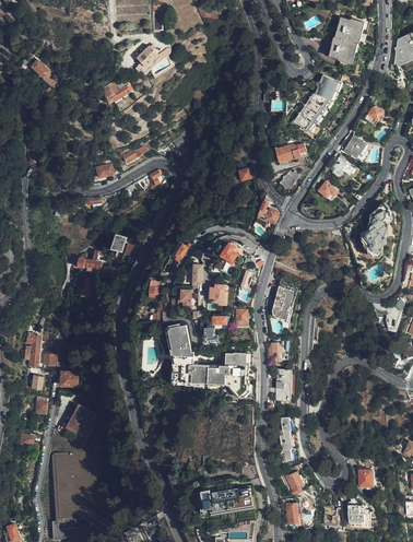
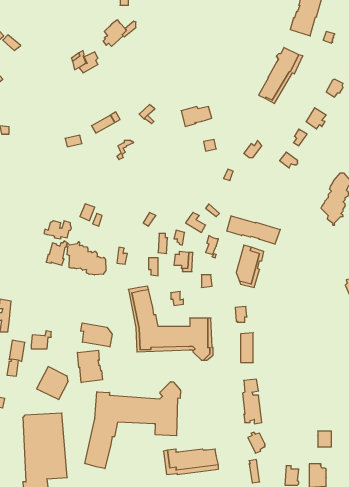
building: [275,143,307,164] -> [181,107,212,127]
building: none -> [227,216,280,244]
building: none -> [67,242,106,275]
building: none -> [81,323,112,347]
building: none -> [77,350,102,383]
building: none -> [85,382,180,469]

